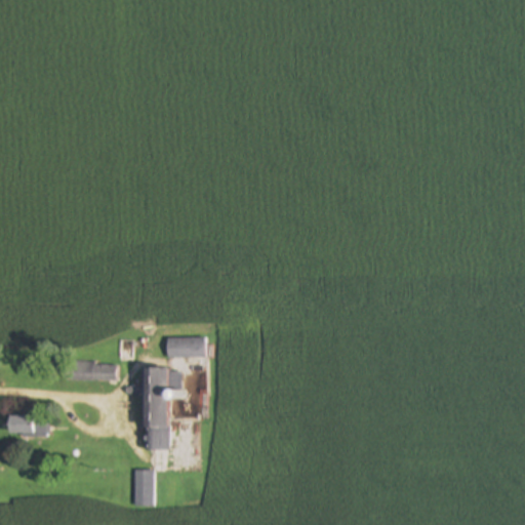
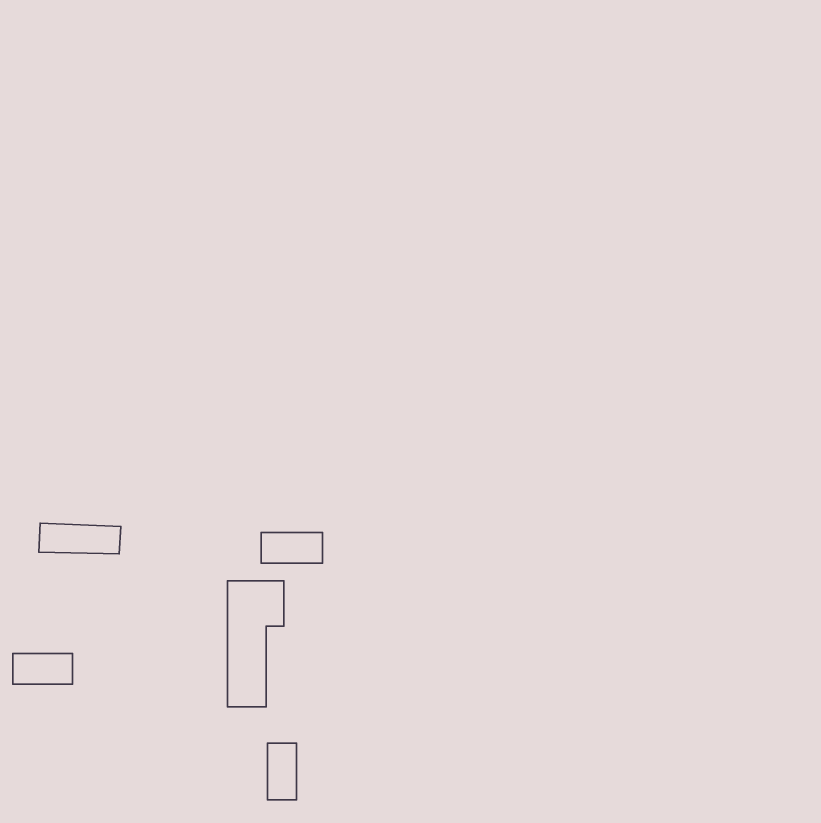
building: [65,361,117,380] -> [39,523,121,554]
building: [134,470,153,506] -> [267,743,296,800]

